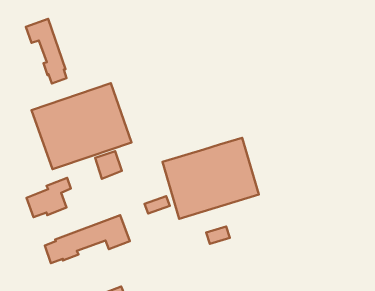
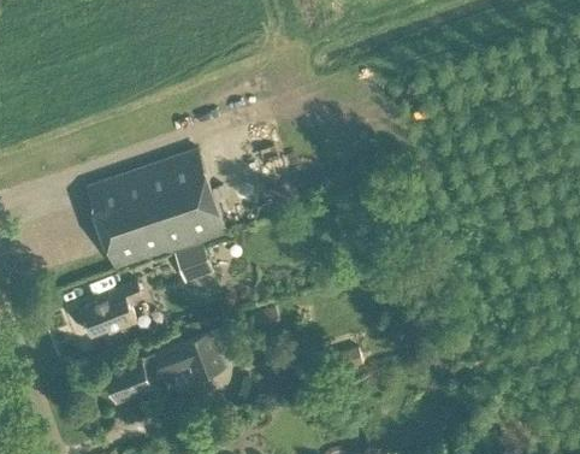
building: [26,19,67,84] -> none
building: [162,138,259,219] -> none

